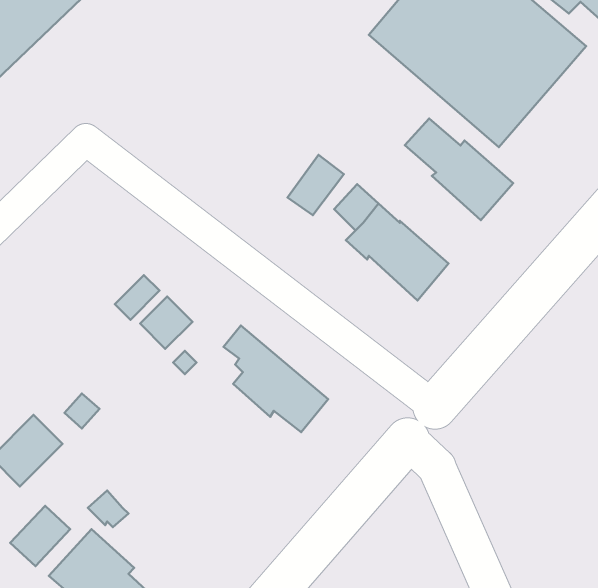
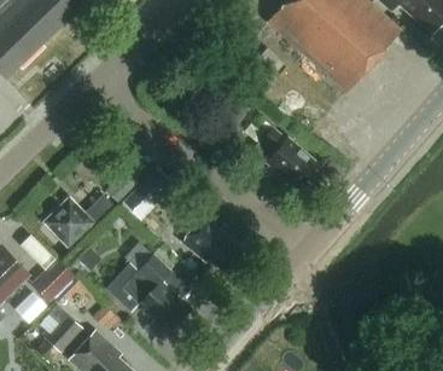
building: [405,118,513,220] -> none
building: none -> [46,195,115,243]
building: none -> [106,245,191,331]

